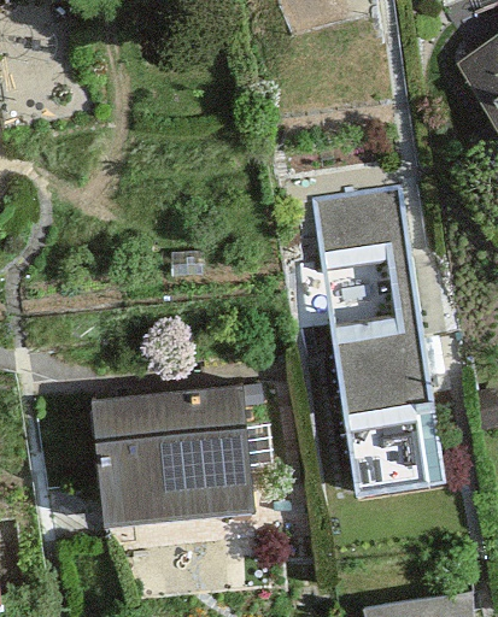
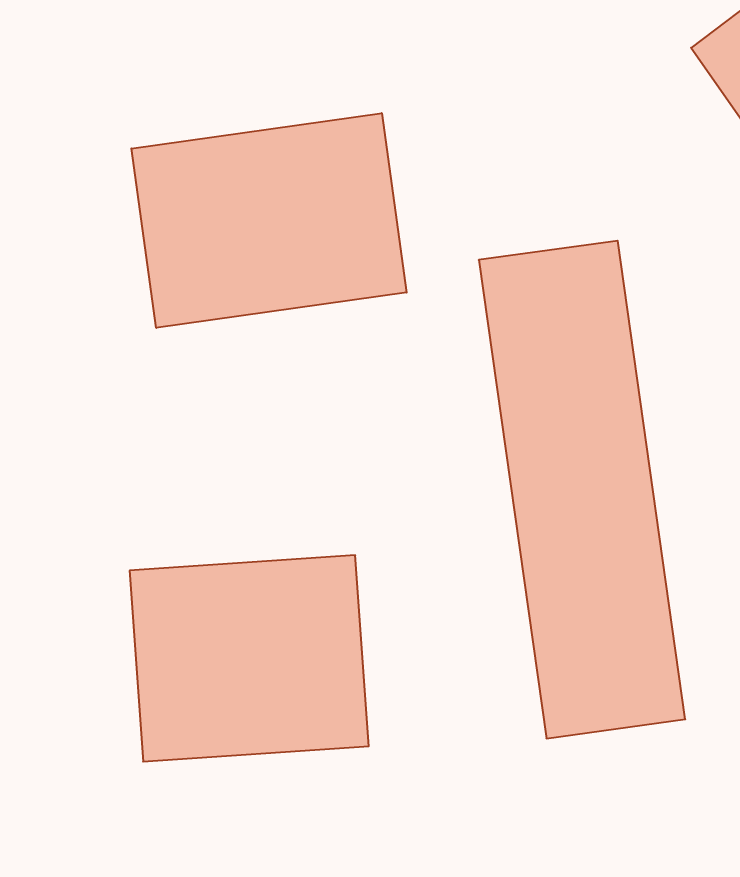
building: none -> [131,113,407,328]

